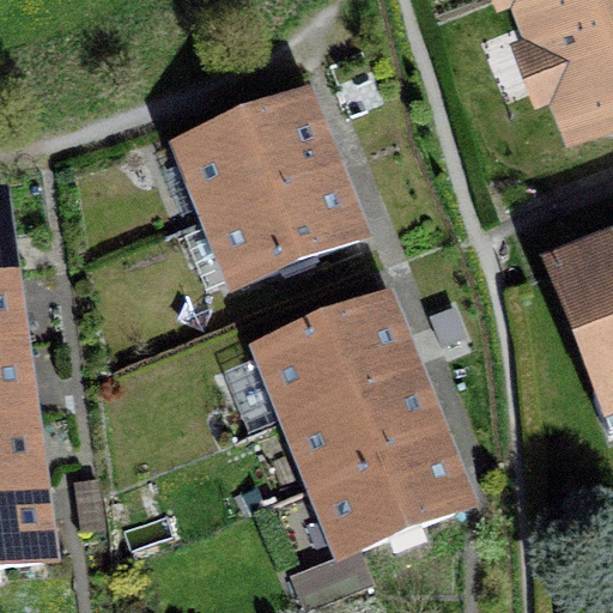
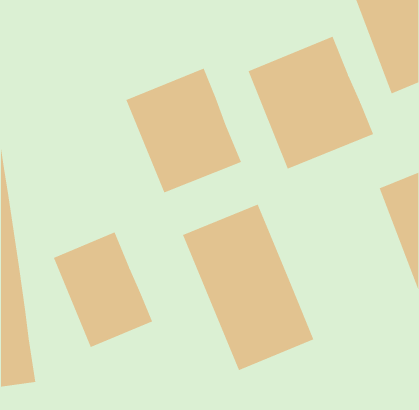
building: none -> [248,36,374,169]
building: none -> [53,231,153,348]

